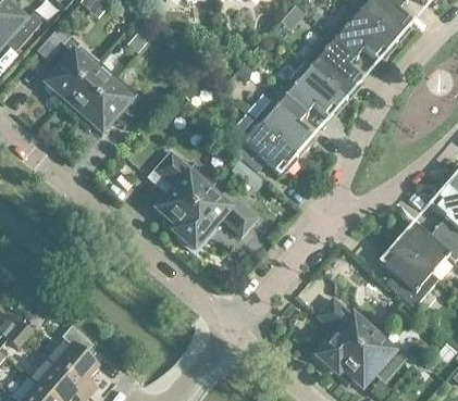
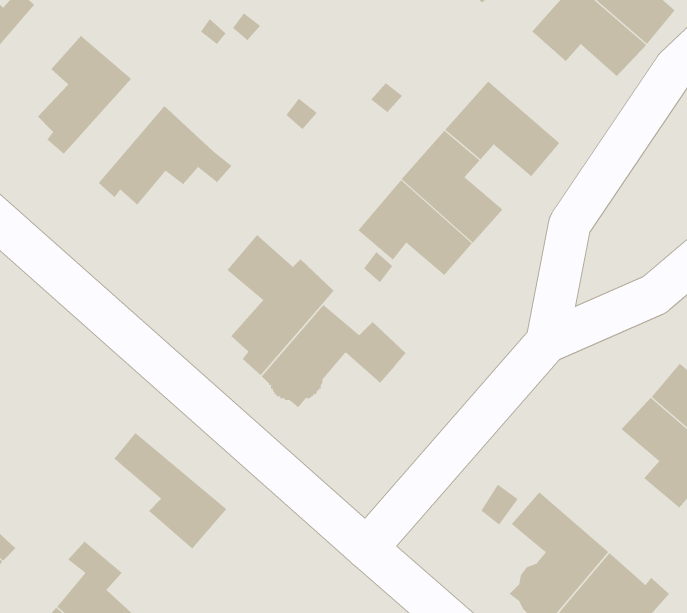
building: [304,25,362,97] -> none
building: [60,60,117,120] -> none
building: none -> [114,432,227,550]

